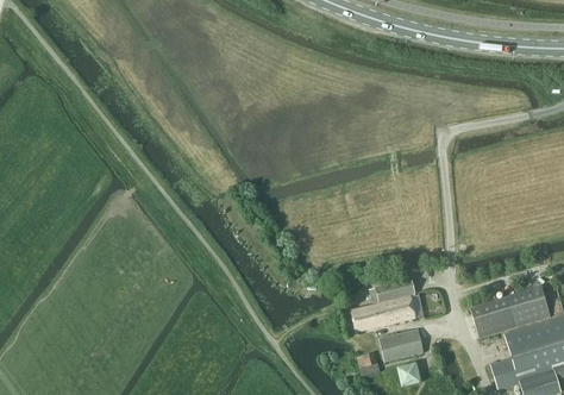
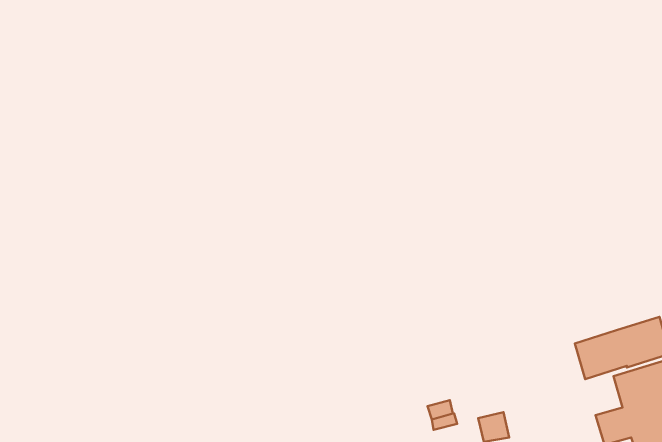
building: [351,277,415,332] -> none
building: [378,328,424,362] -> none

